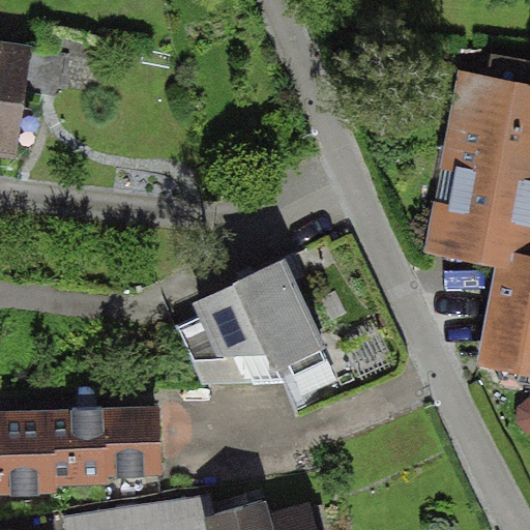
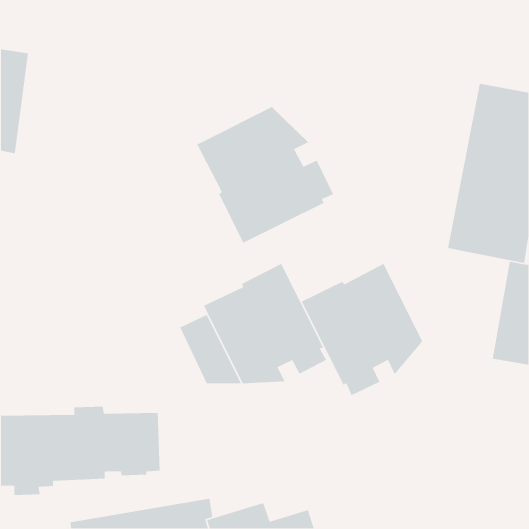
building: none -> [196,106,334,244]
building: none -> [301,263,423,396]

